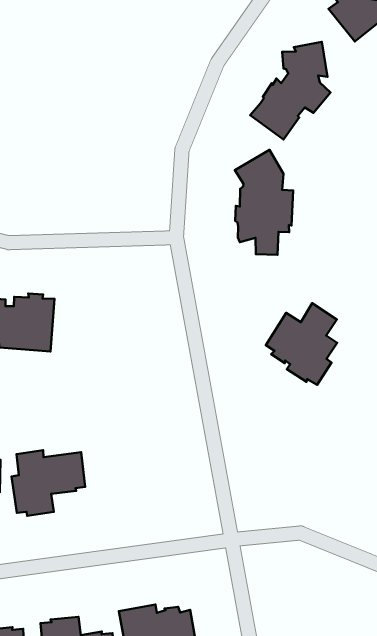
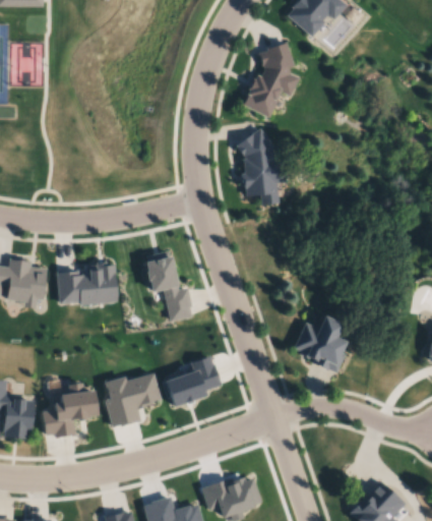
building: none -> [147,250,194,322]
building: [266,303,337,385] -> [293,311,346,371]
building: none -> [164,355,223,406]

